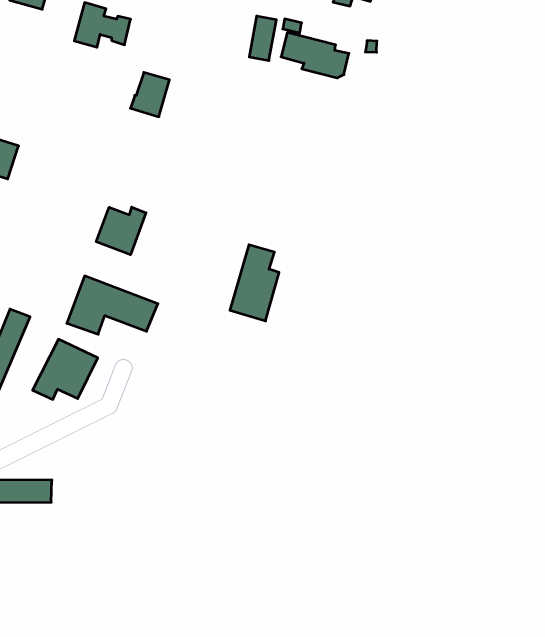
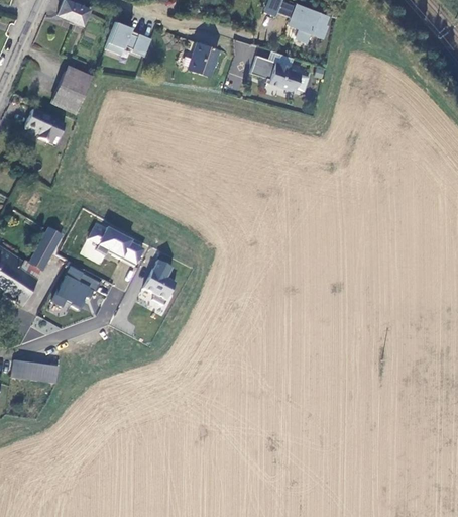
building: none -> [51,63,91,111]
building: [130,72,169,117] -> [191,44,221,78]
building: [96,207,146,255] -> none
building: [230,245,279,321] -> [138,256,177,313]

